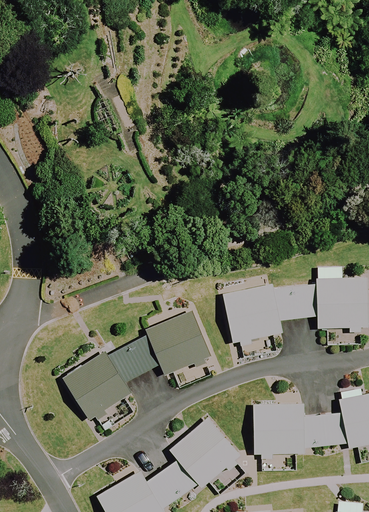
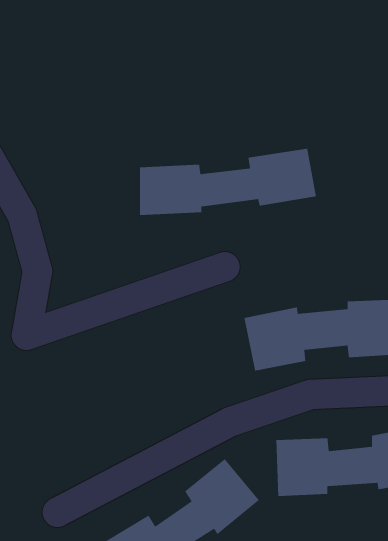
building: none -> [139,148,317,216]
building: [61,310,207,419] -> none

